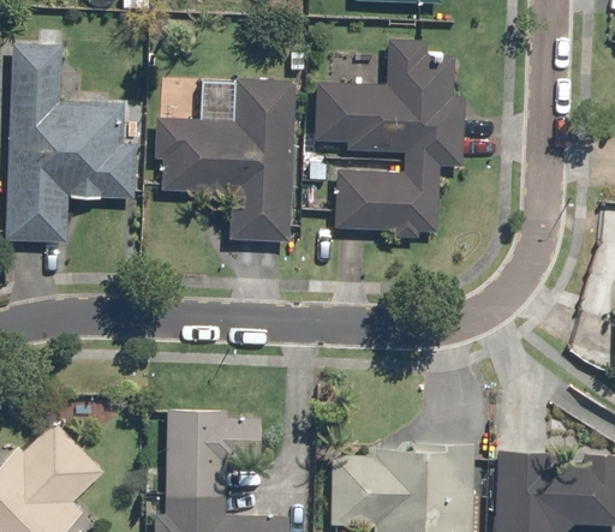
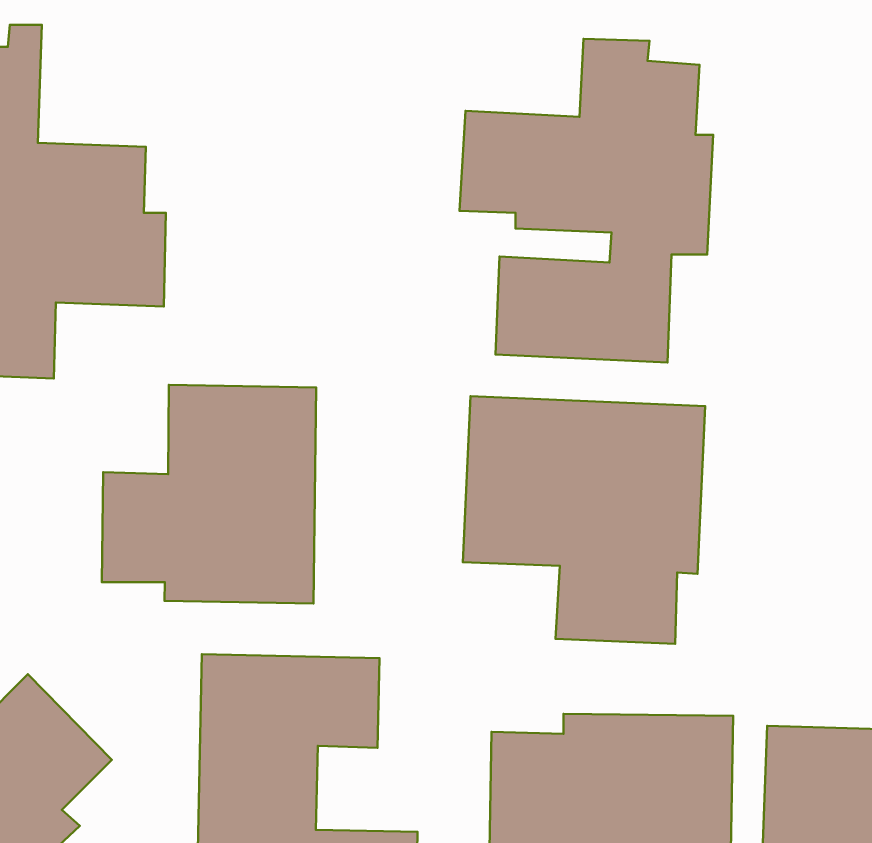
building: [155,78,295,243] -> none
building: none -> [102,385,316,603]
building: none -> [463,396,705,644]

